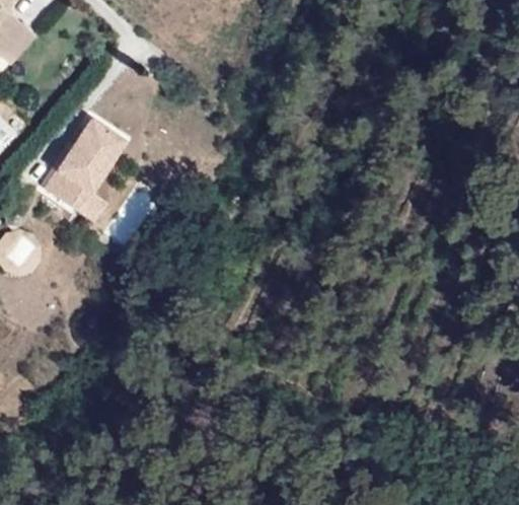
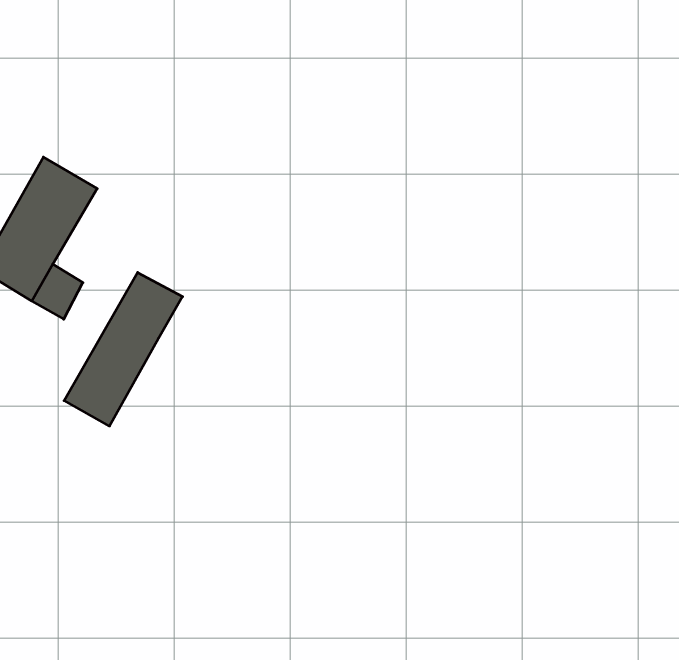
building: none -> [64,272,183,426]

